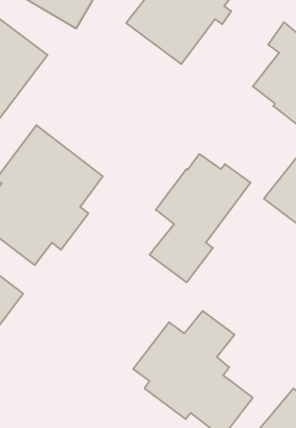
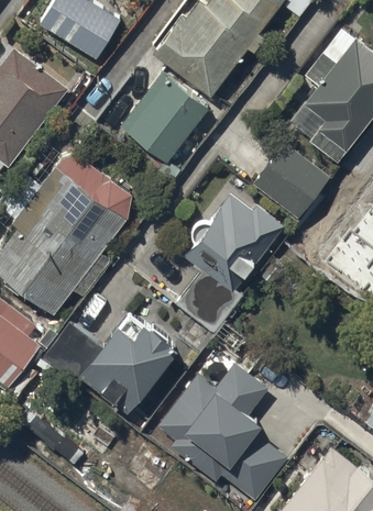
building: none -> [121,73,208,163]
building: none -> [253,143,329,219]
building: none -> [44,324,177,412]

